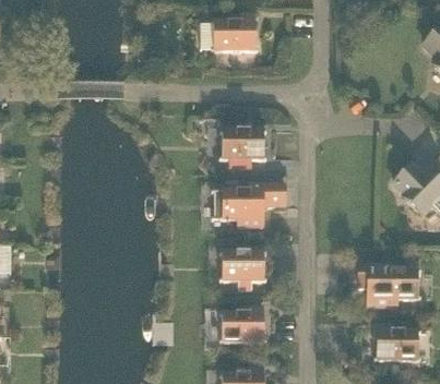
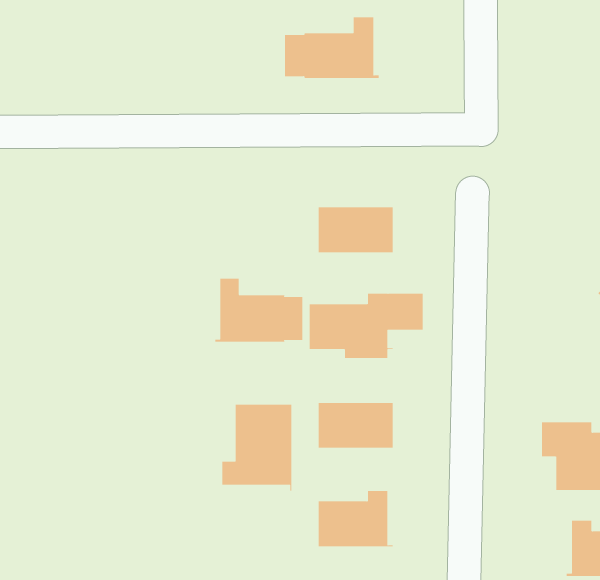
building: none -> [215,278,303,343]
building: none -> [222,404,292,492]

